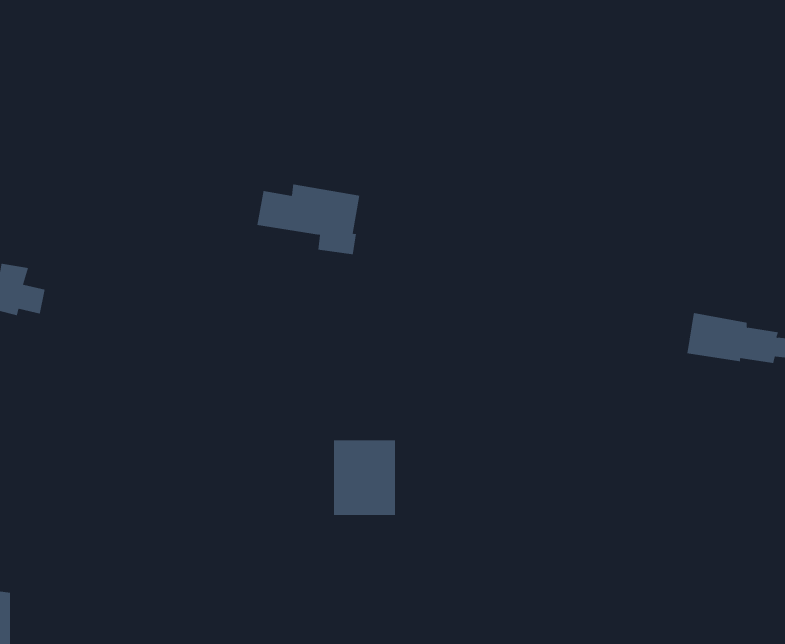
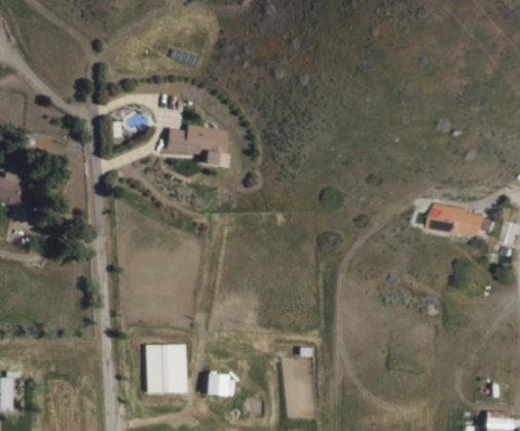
building: [333,440,396,515] -> [146,345,185,392]
building: none -> [205,374,226,396]

